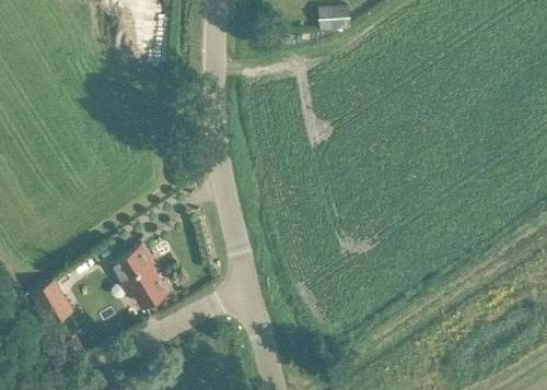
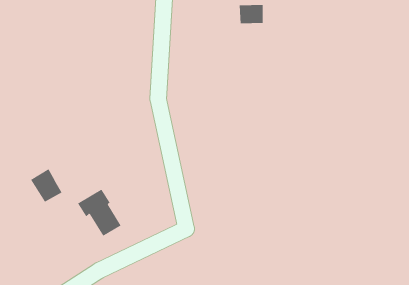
building: [32,281,73,324] -> [30,169,62,203]

